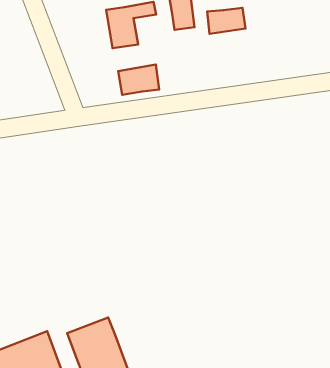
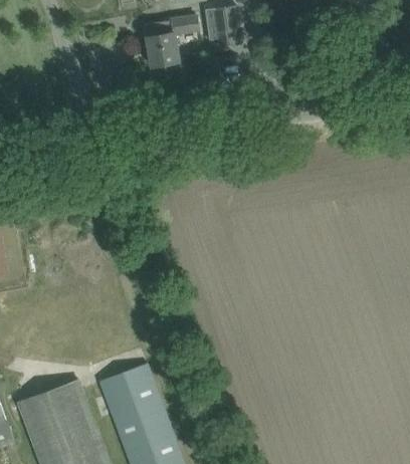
building: [207,8,245,34] -> none
building: [118,65,159,95] -> none

